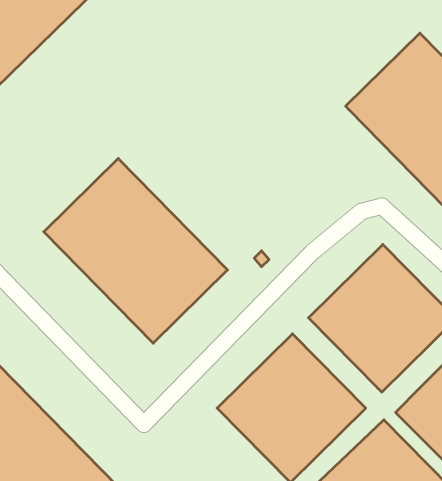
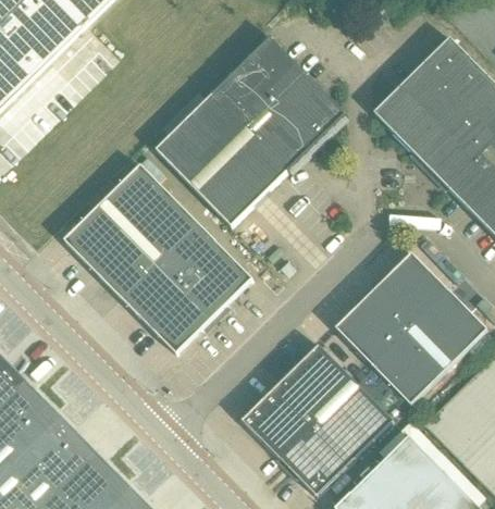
building: none -> [156,37,345,225]

